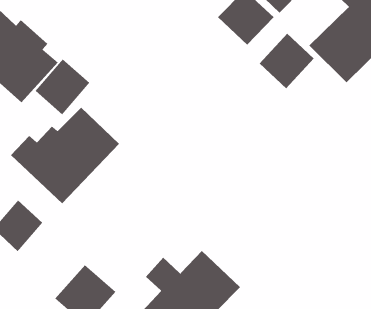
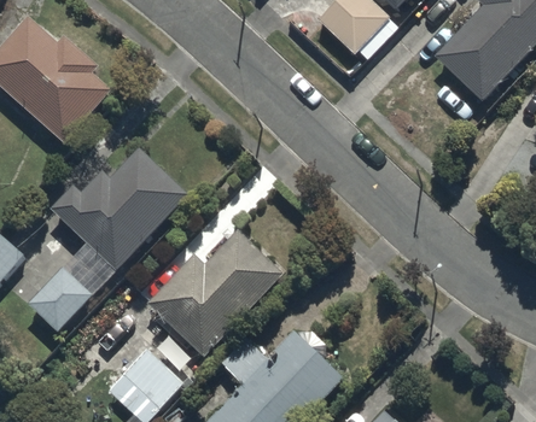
building: [259,33,314,89] -> none
building: [35,58,90,115] -> none
building: none -> [146,225,284,353]

